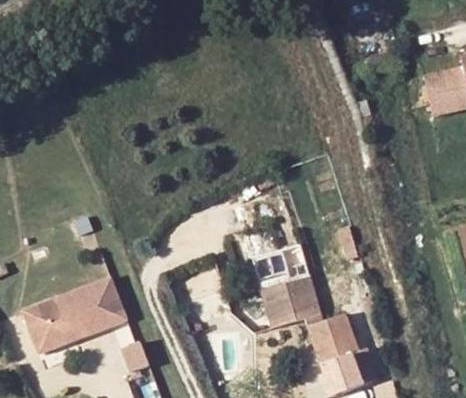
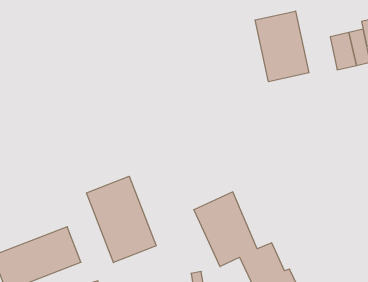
building: none -> [255,11,309,82]
building: none -> [87,176,156,263]

